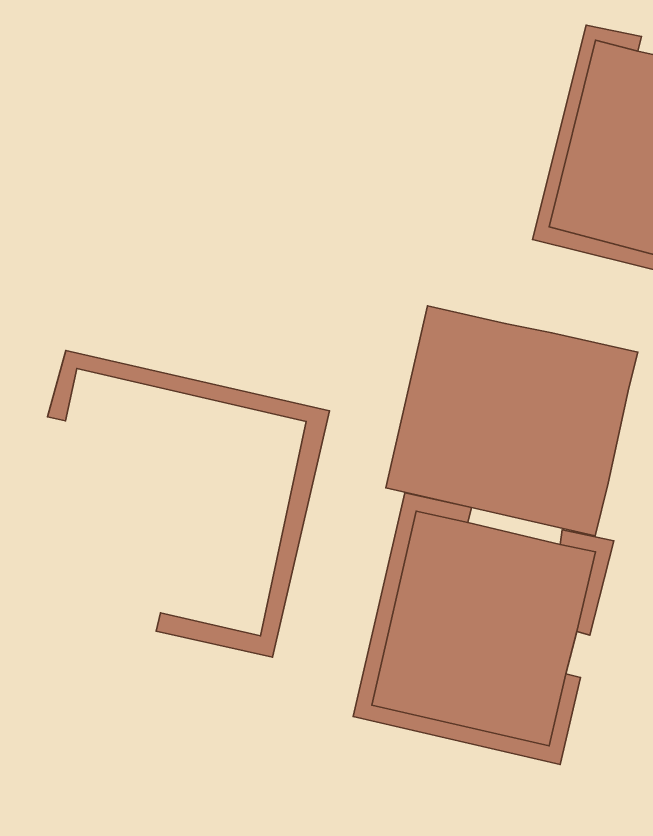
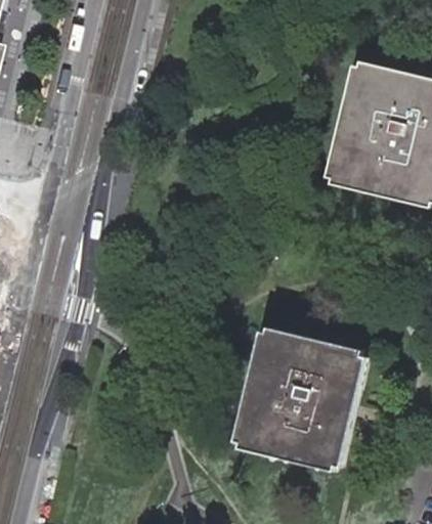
building: [386,306,638,536] -> none
building: [47,350,329,657] -> none

